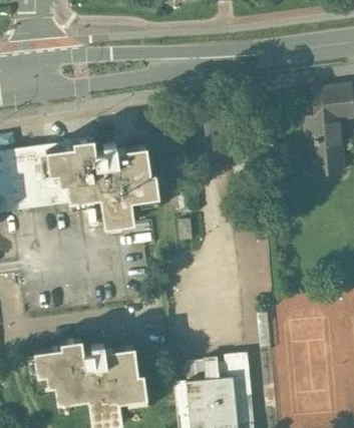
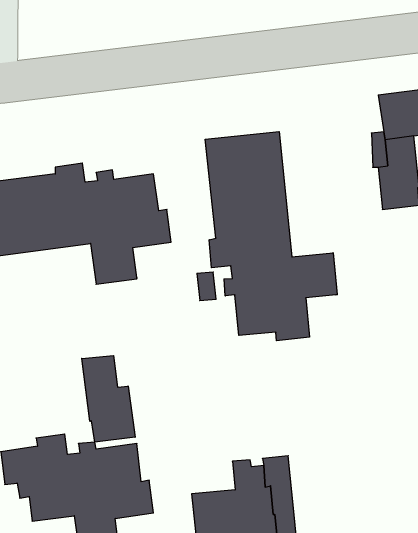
building: none -> [205,132,337,341]
building: none -> [82,356,135,442]

